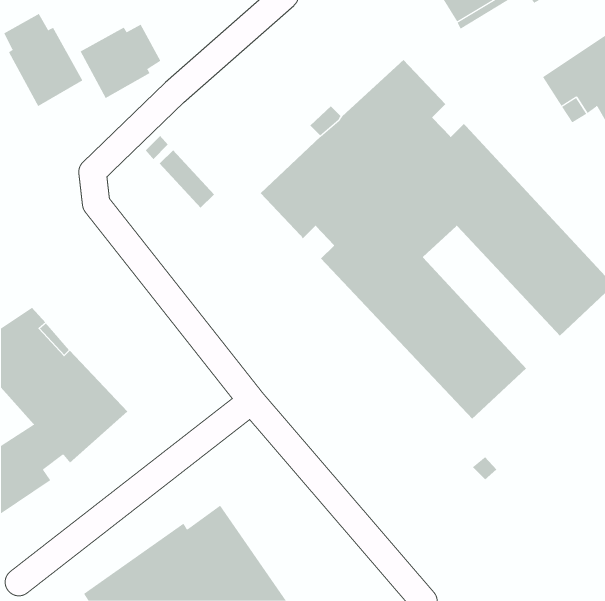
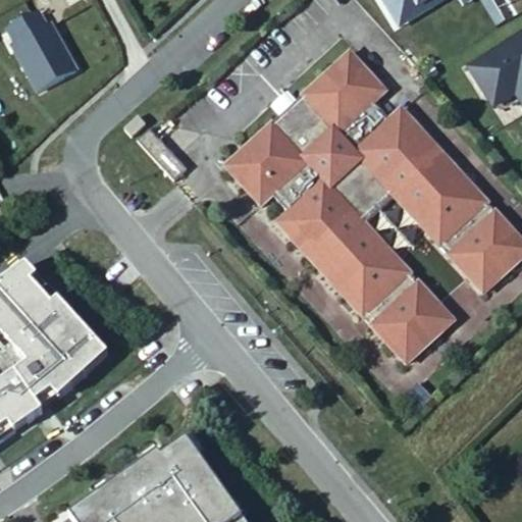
building: [80,24,161,99] -> none

